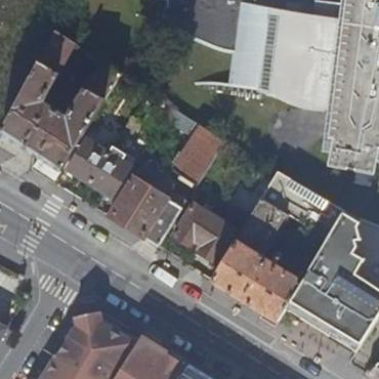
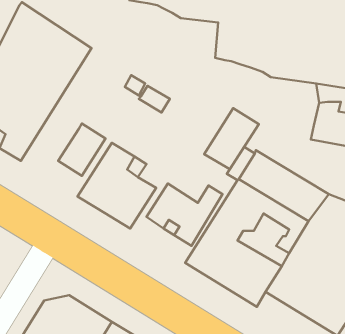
building: [172,126,224,184] -> [204,108,259,169]
building: [68,138,109,181] -> none

